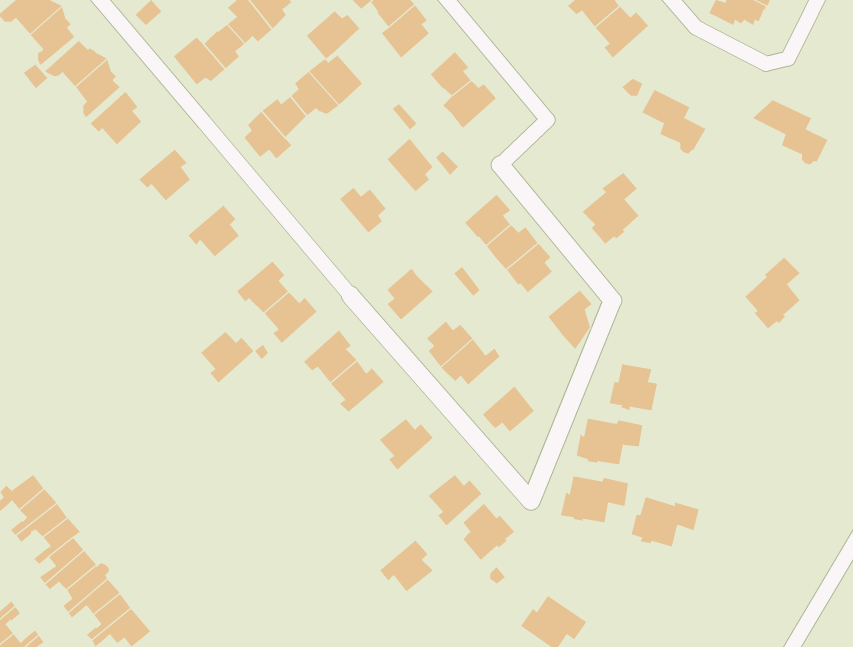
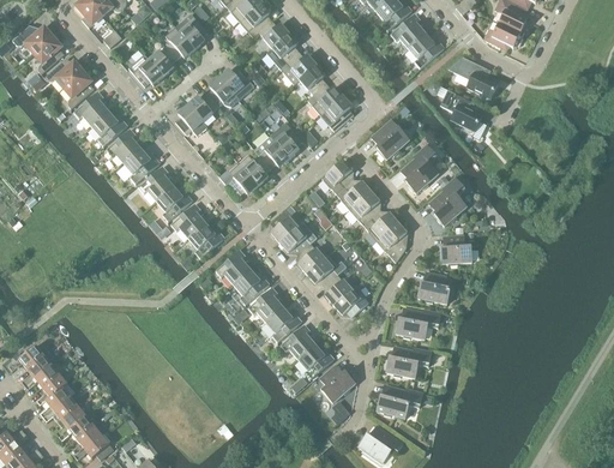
building: [306,11,360,59] -> [279,52,315,84]
building: none -> [320,95,353,125]
building: [752,98,828,165] -> [447,55,498,100]
building: none -> [91,110,127,145]
building: none -> [371,119,409,158]
building: none -> [253,136,289,168]
building: none -> [124,149,159,184]
building: none -> [218,162,258,196]
building: [744,257,800,329] -> [428,176,465,224]
building: none -> [363,210,398,240]
building: none -> [279,223,317,254]
building: none -> [441,234,471,264]
building: [200,331,254,384] -> [156,186,192,221]
building: none -> [324,274,355,305]
building: none -> [247,287,283,322]
building: [631,496,700,547] -> [377,384,422,418]
building: [379,540,433,592] -> [279,324,315,359]

